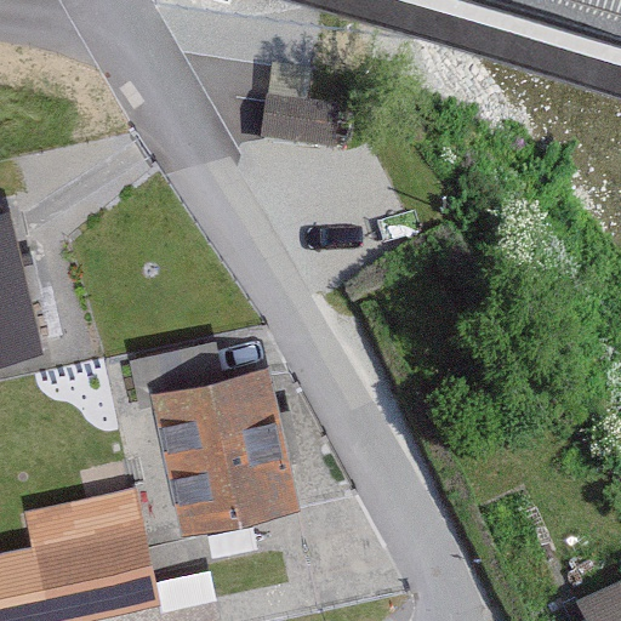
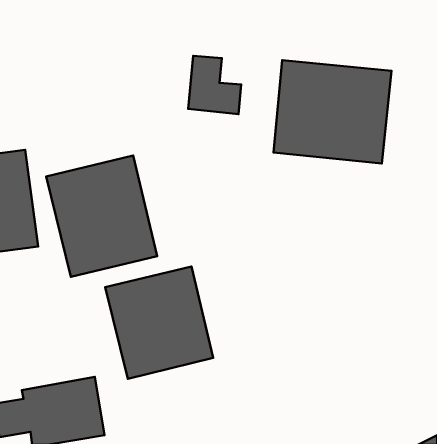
building: none -> [273,60,392,163]
building: none -> [46,155,157,277]

